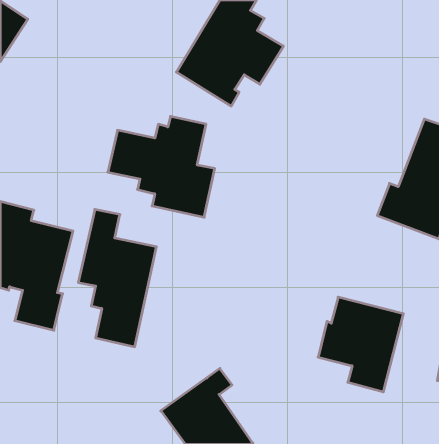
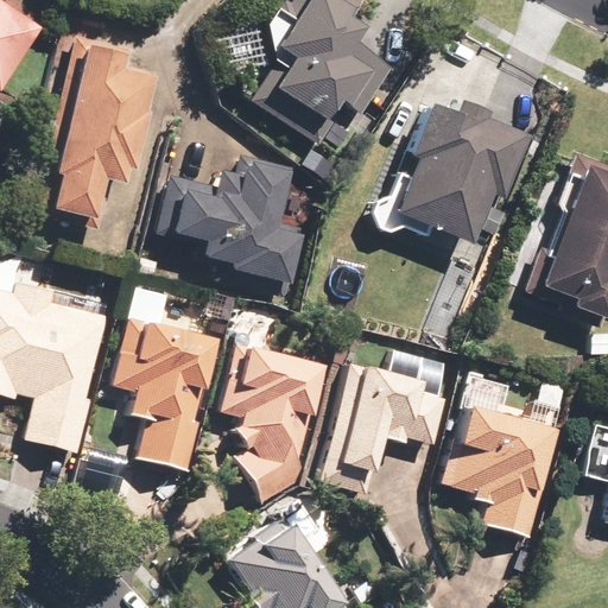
building: none -> [37,36,154,217]
building: none -> [370,97,525,247]
building: none -> [222,338,327,501]
building: none -> [317,360,446,492]

